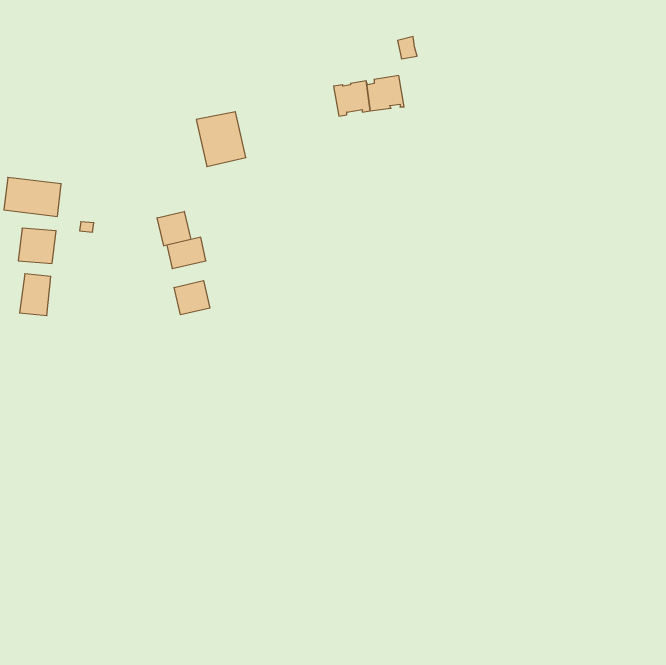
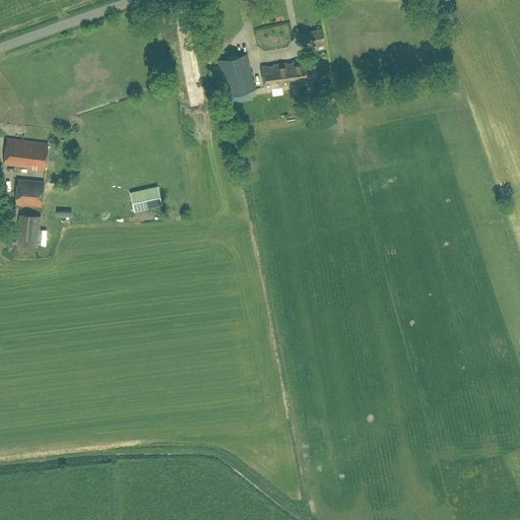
building: [196,112,246,167] -> [216,55,255,98]
building: [157,211,191,246] -> none
building: [174,281,210,315] -> none

